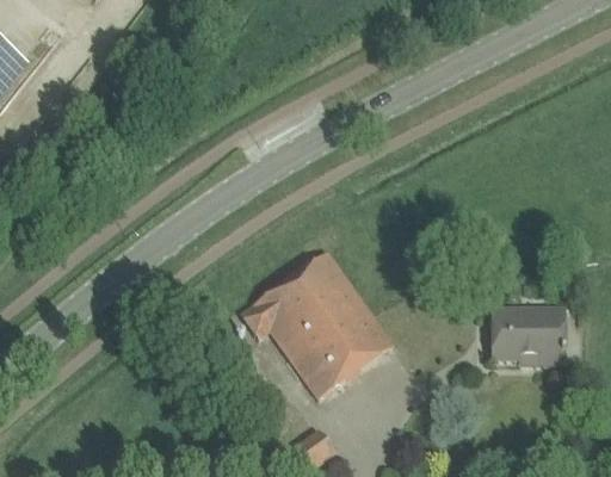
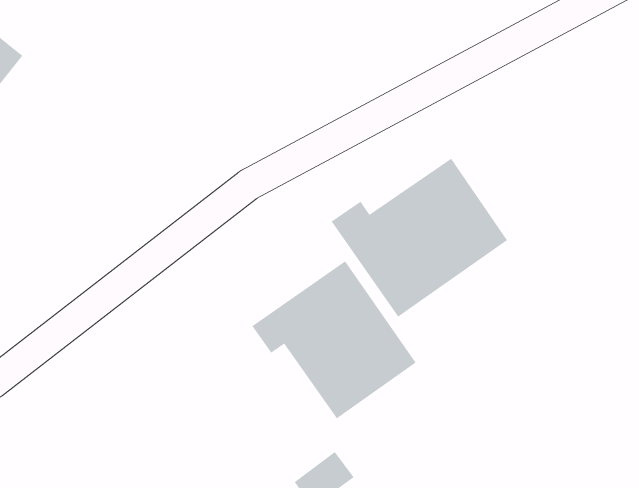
building: none -> [331,158,508,317]
building: [492,308,563,365] -> none

